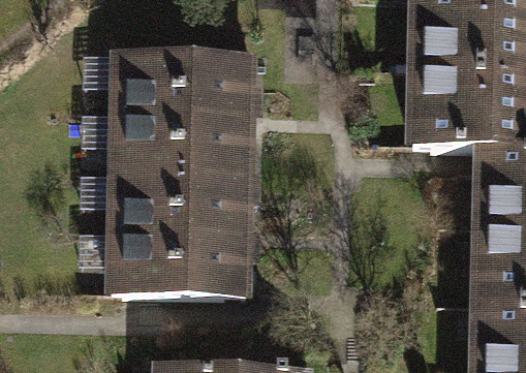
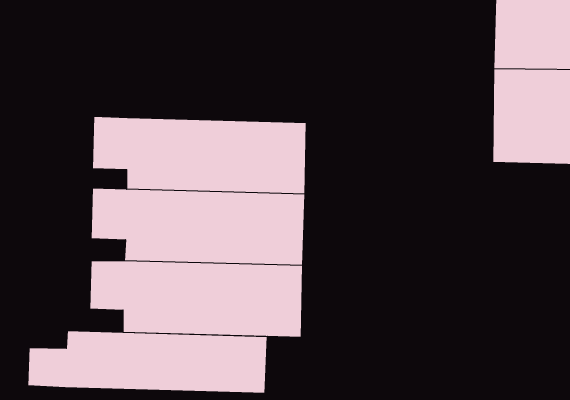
building: [84,51,264,116] -> none
building: none -> [28,331,267,393]

